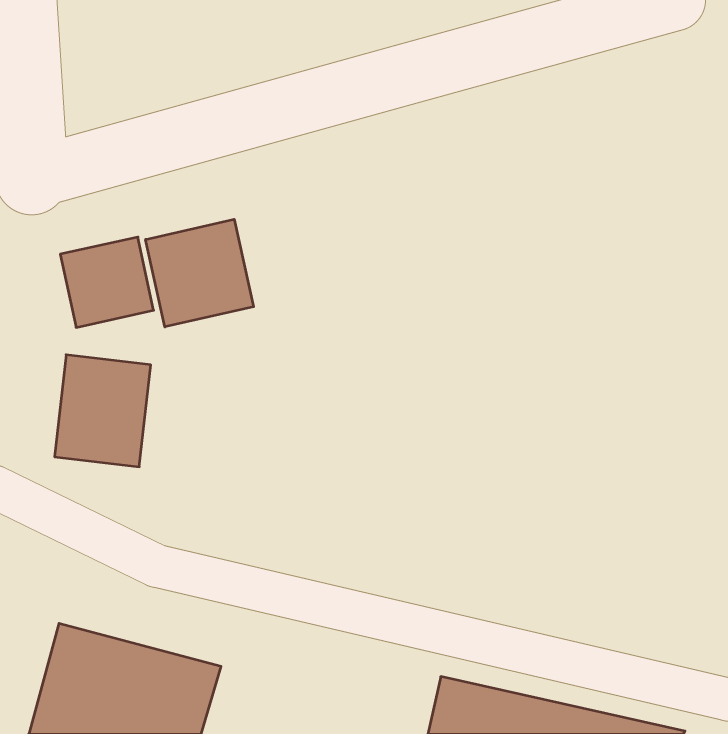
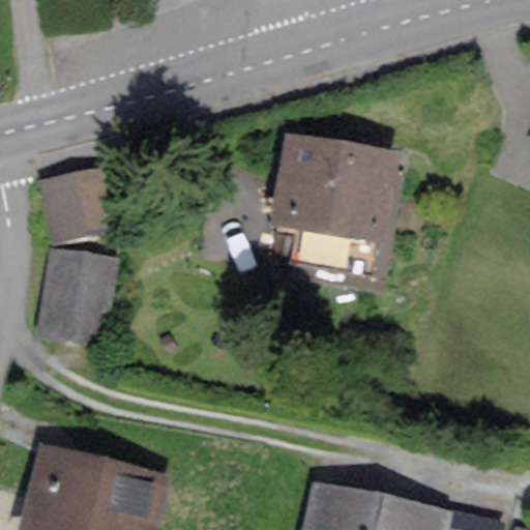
building: none -> [274,139,387,233]
building: [146,219,254,327] -> none

